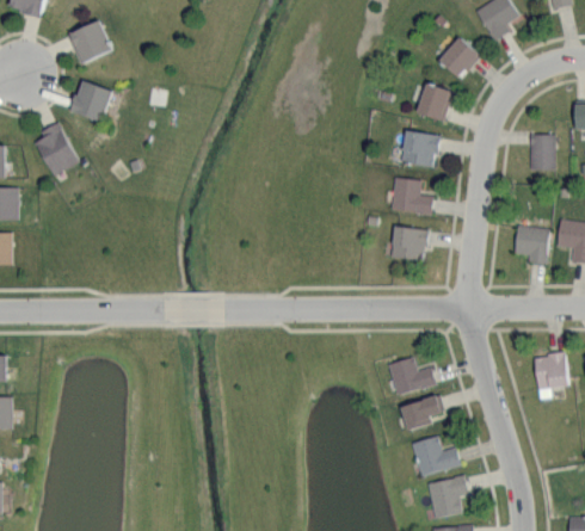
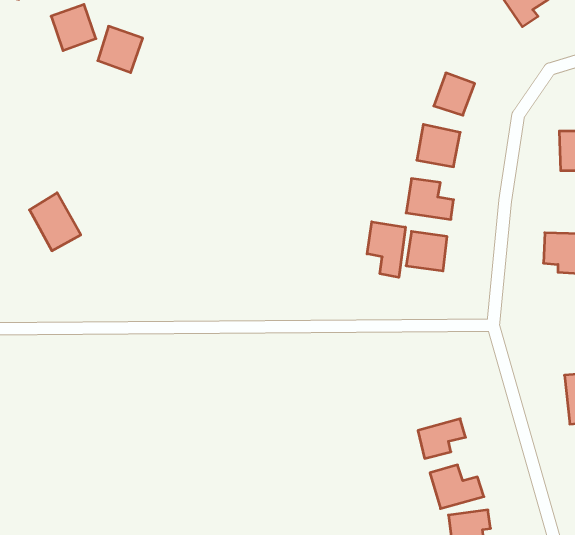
building: [438,37,479,78] -> none
building: [70,80,111,122] -> [98,26,143,73]
building: [32,124,79,177] -> [29,193,81,251]
building: none -> [367,222,405,277]
building: [388,357,436,395] -> none

